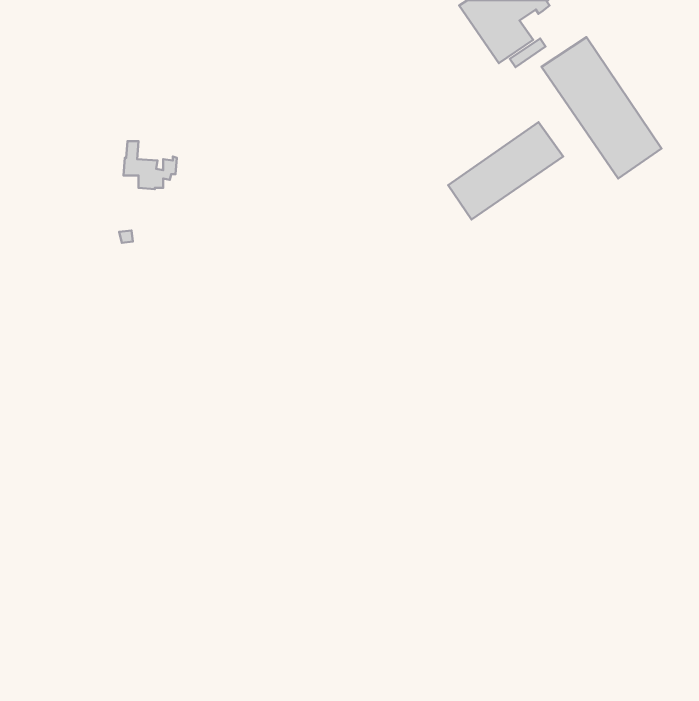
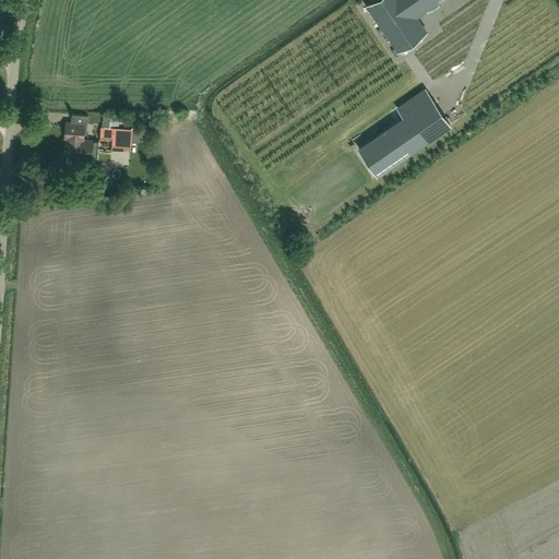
building: [542,37,662,179] -> none
building: none -> [62,120,97,157]

